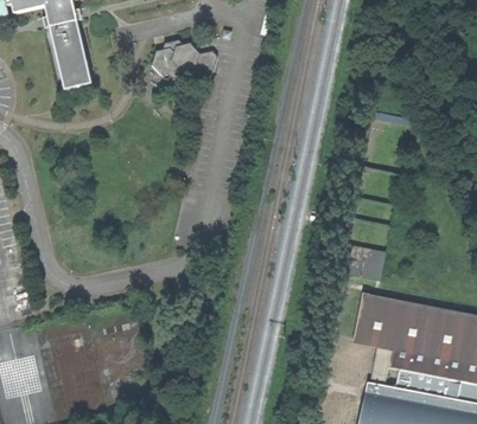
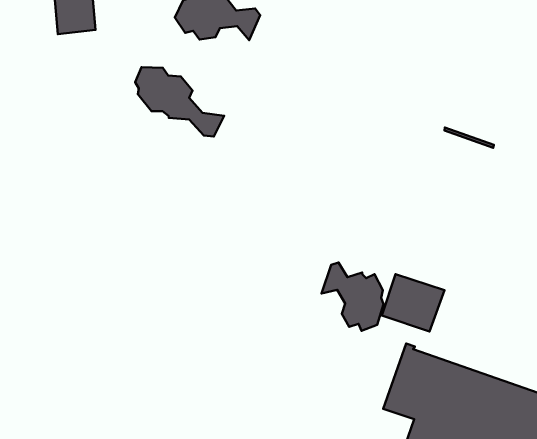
building: none -> [135,67,224,137]
building: none -> [321,262,384,331]

